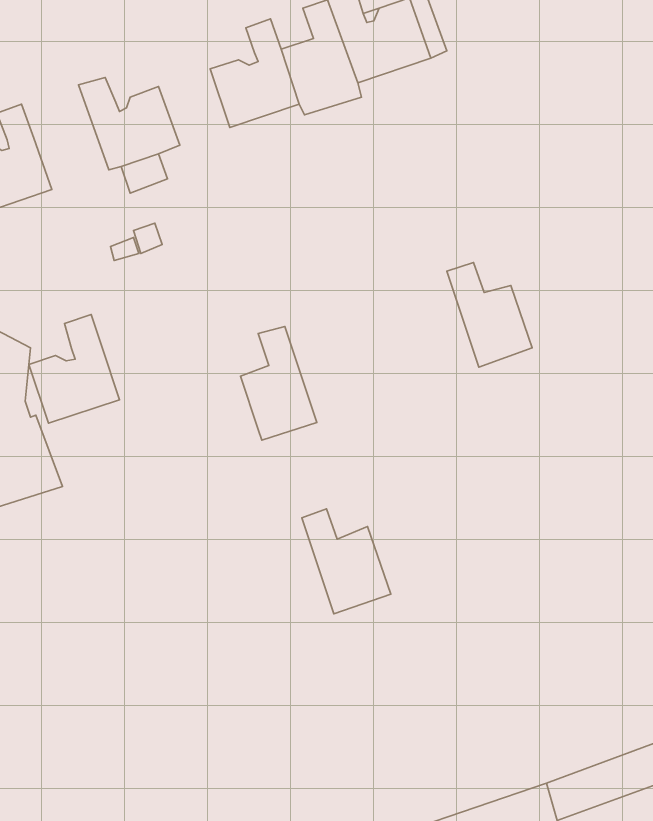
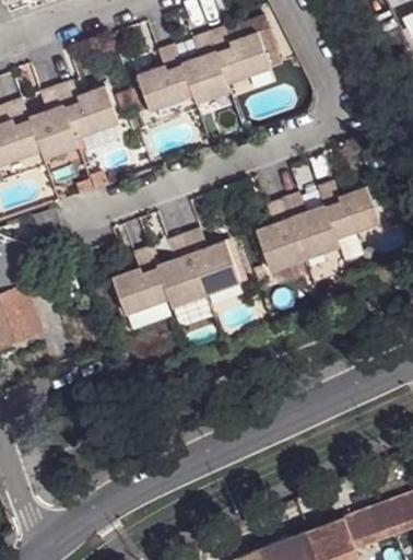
building: none -> [28,89,78,162]
building: none -> [315,187,378,244]
building: none -> [253,203,302,273]
building: [29,315,120,423] -> [110,248,166,315]
building: [302,509,391,614] -> [182,232,237,296]

